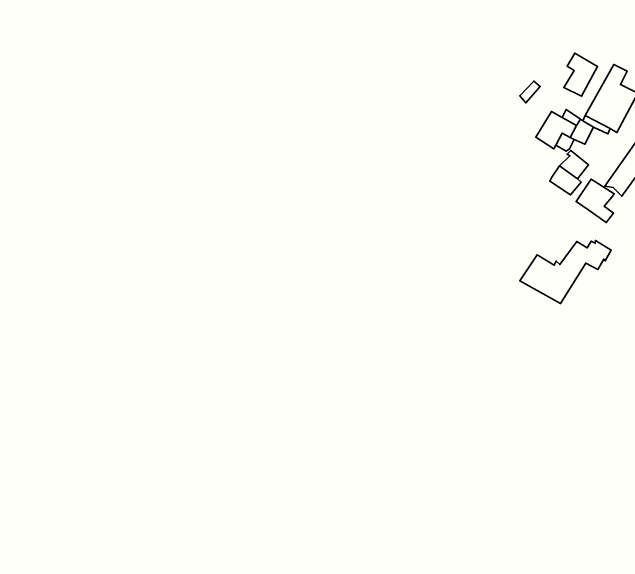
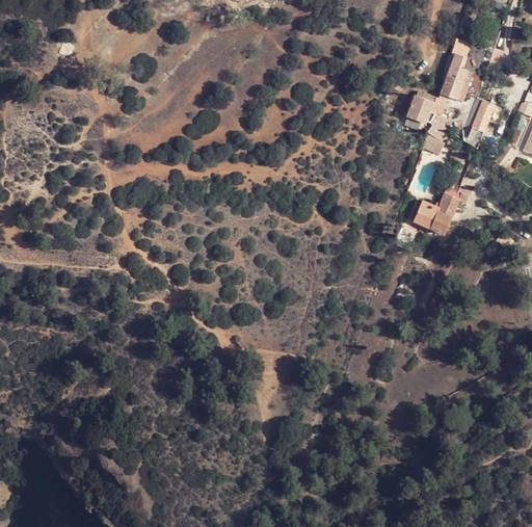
building: [564,53,597,96] -> none
building: [576,179,614,222] -> none

